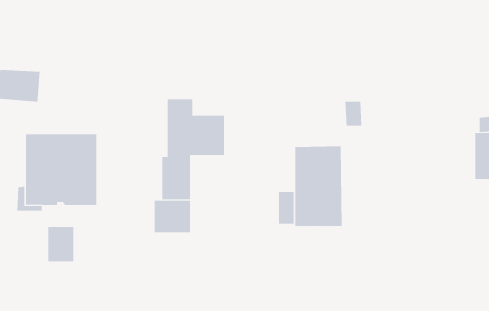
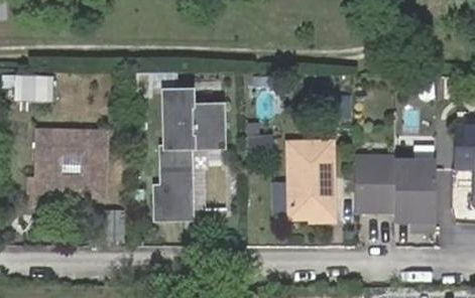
building: none -> [353,154,433,233]
building: [48,226,74,262] -> none

